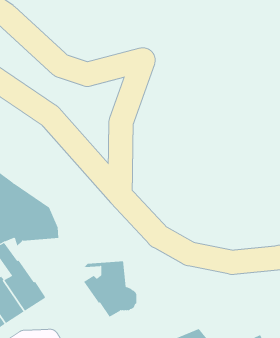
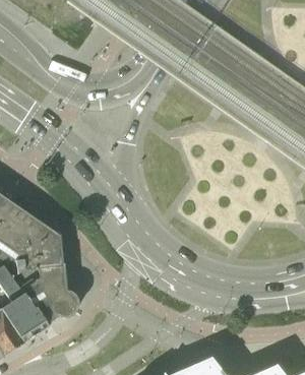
building: [81,261,137,318] -> [19,263,78,323]

